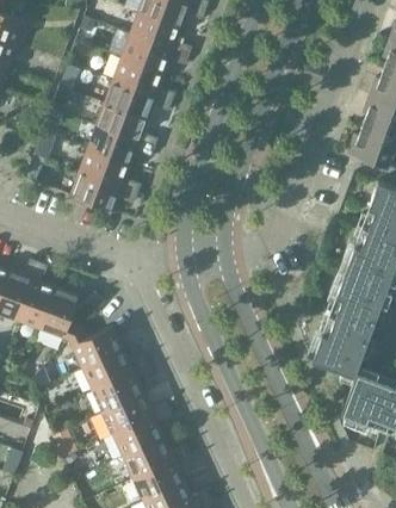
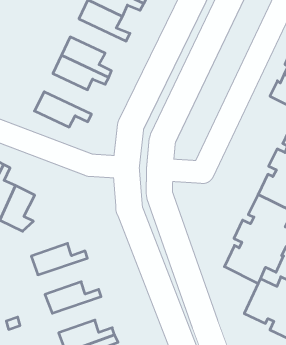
building: [104,81,171,119] -> none
building: [79,149,140,193] -> none
building: [68,327,123,368] -> none
building: [91,365,151,413] -> none
building: [112,409,172,457] -> none

